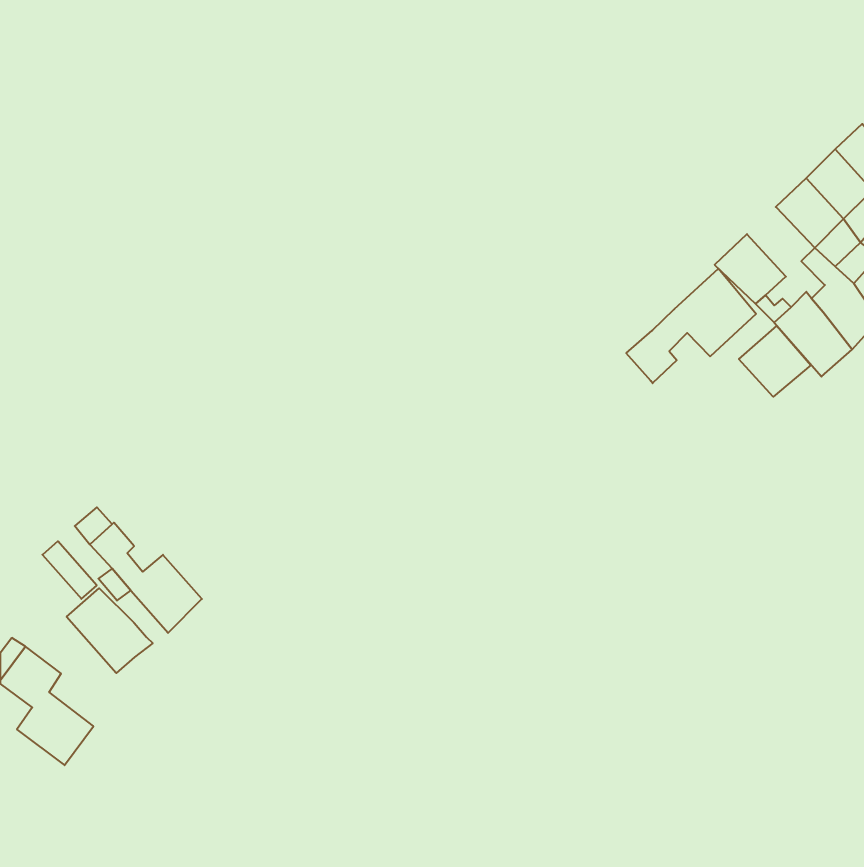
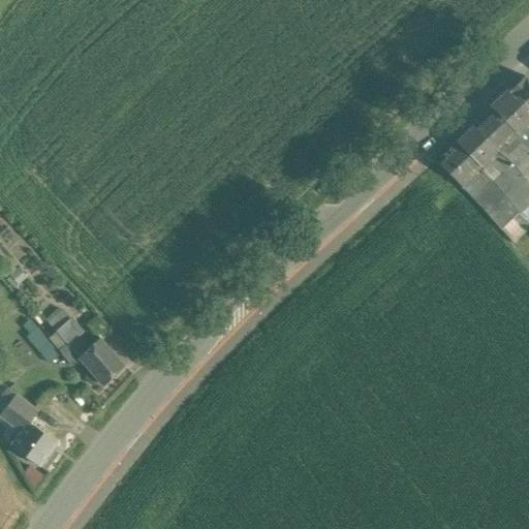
building: none -> [457,126,498,168]
building: [626,268,756,383] -> none
building: [739,326,811,397] -> none
building: [67,588,153,673] -> none

